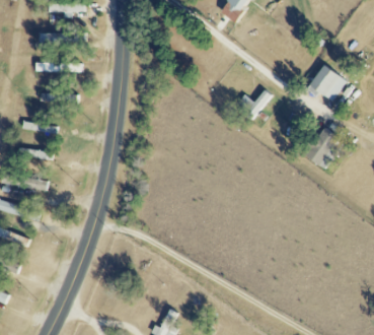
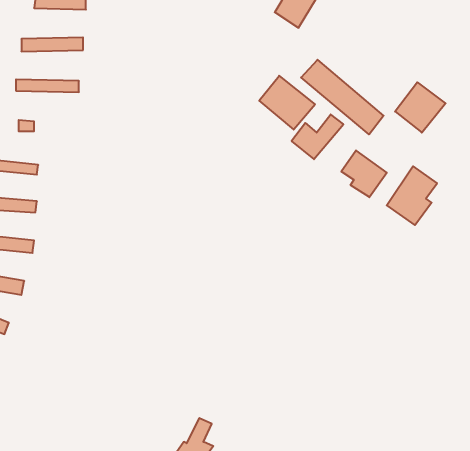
building: none -> [301,60,384,134]
building: none -> [259,76,315,130]
building: none -> [341,150,387,197]

